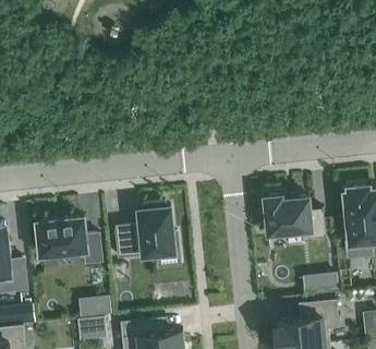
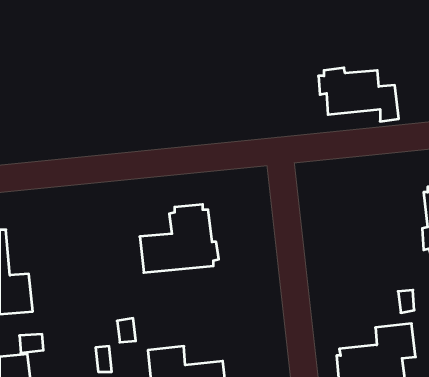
building: [260,196,326,240] -> [318,68,399,121]
building: [38,219,101,264] -> none

